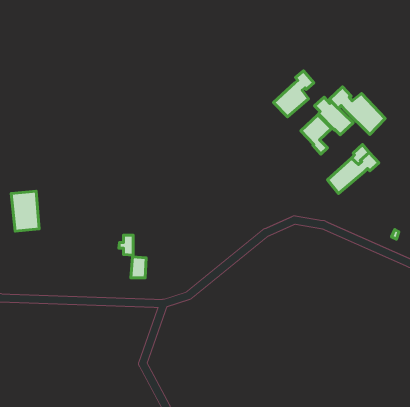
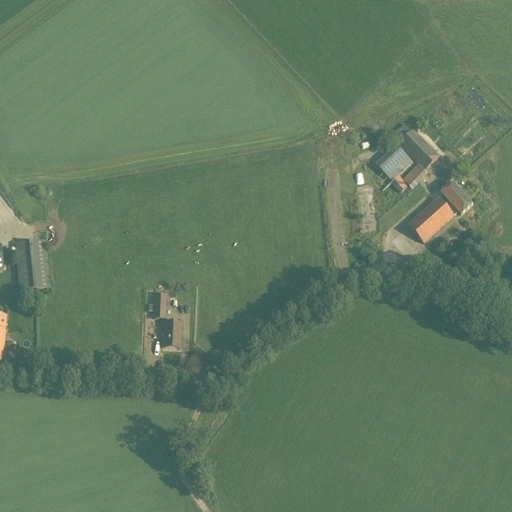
building: [274,71,314,117] -> none
building: [329,87,385,135] -> none

